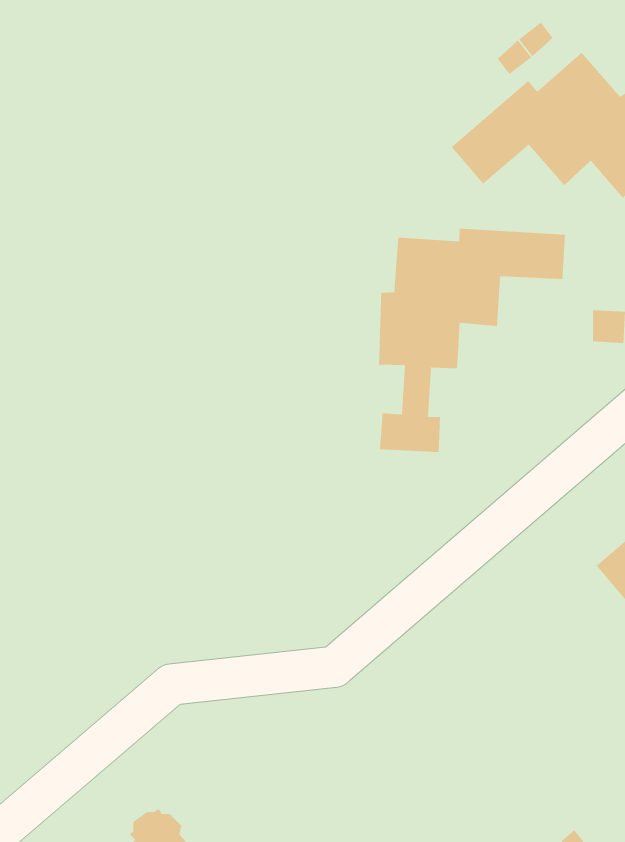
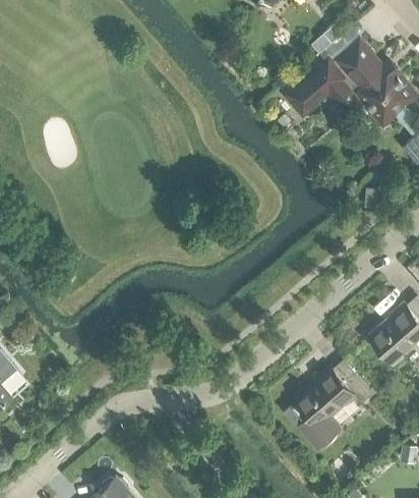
building: [378,228,565,453] -> none
building: none -> [288,367,374,447]

